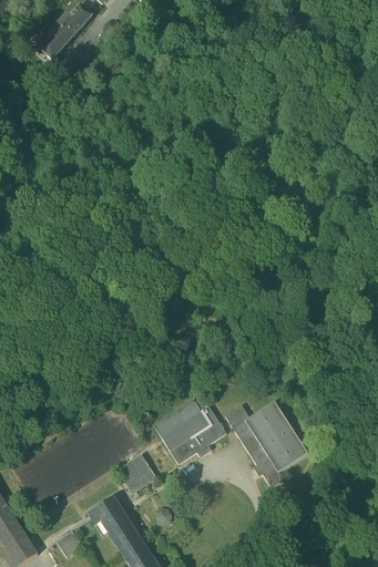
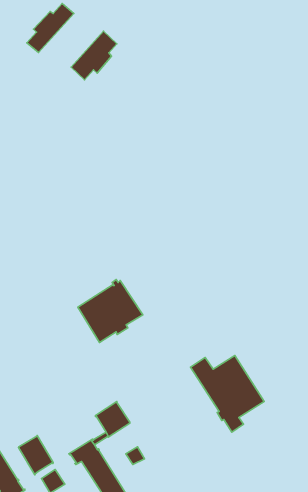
building: none -> [71,31,117,80]
building: [153,392,226,463] -> [78,280,143,343]
building: none -> [19,435,53,475]

